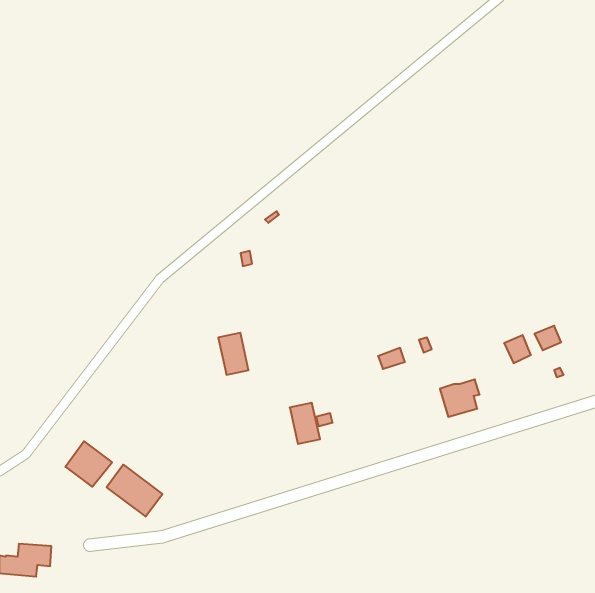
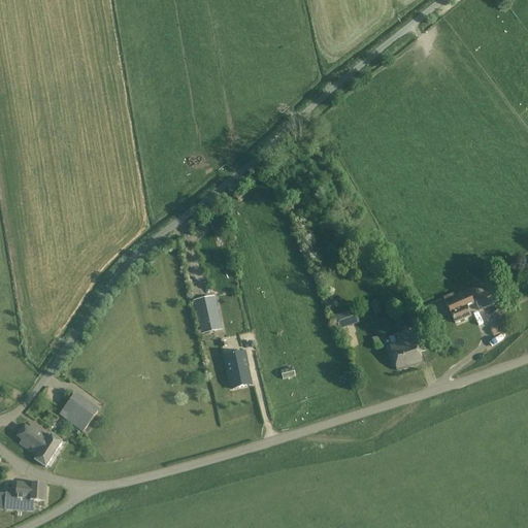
building: [290,403,320,444] -> [224,351,251,387]
building: [107,465,162,517] -> none
building: none -> [18,422,61,465]

